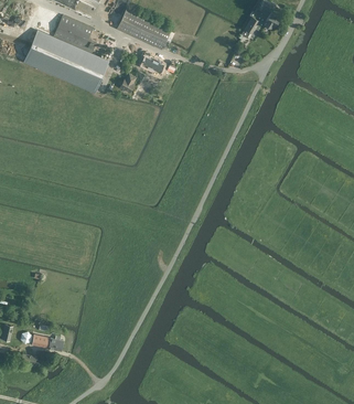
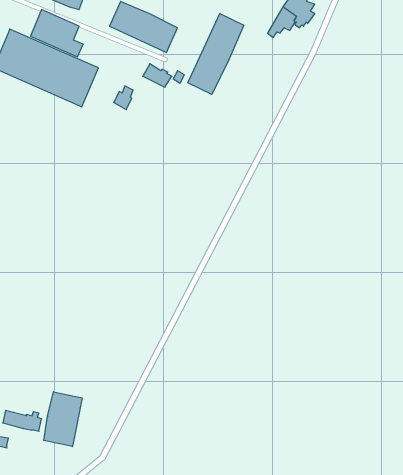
building: none -> [188,13,244,94]
building: none -> [44,392,82,447]

